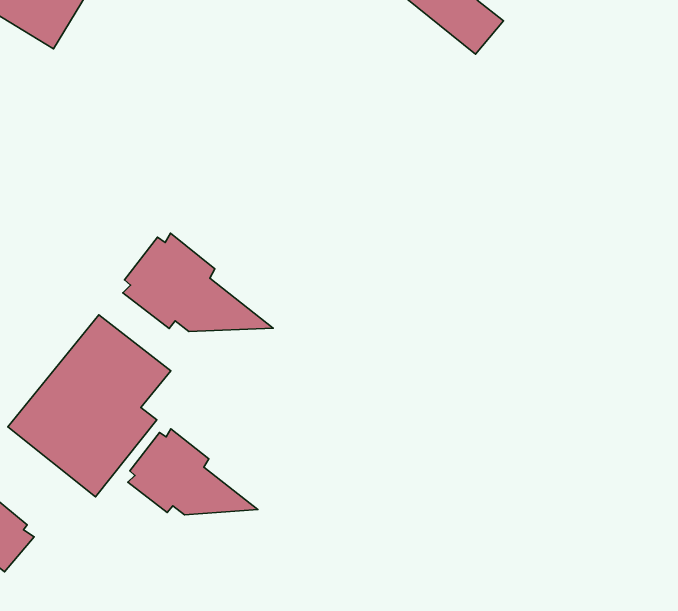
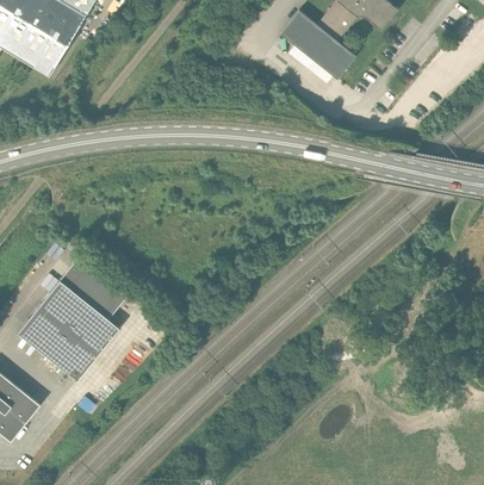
building: [123,233,273,332] -> none
building: [128,429,258,515] -> none

